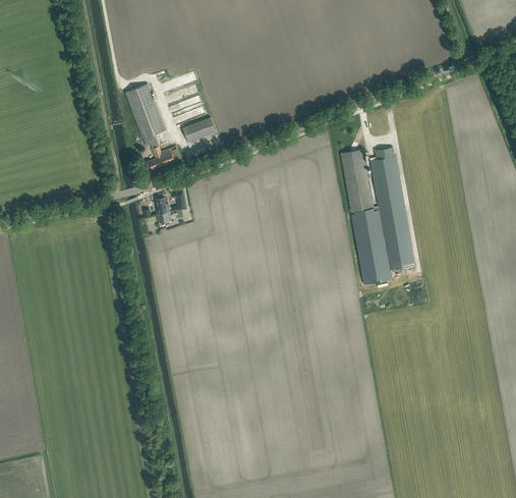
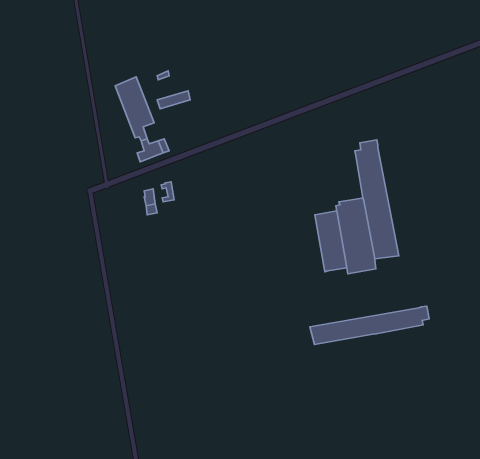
building: [183,117,217,143] -> none
building: [341,150,374,212] -> [315,211,347,272]
building: none -> [310,306,429,345]

